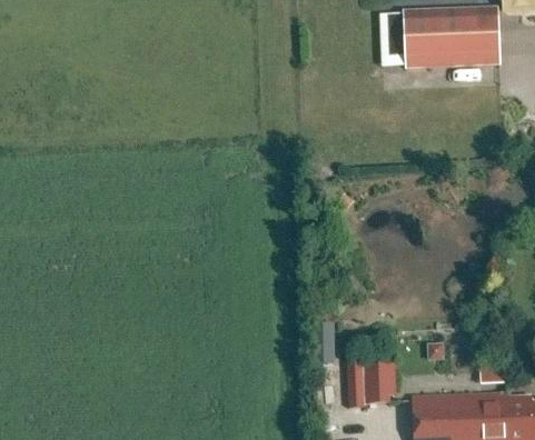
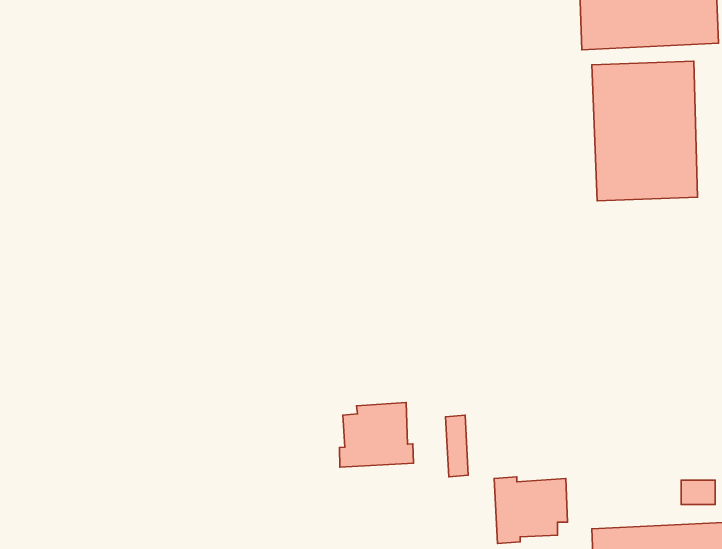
building: none -> [592,61,697,201]
building: none -> [339,403,413,467]

